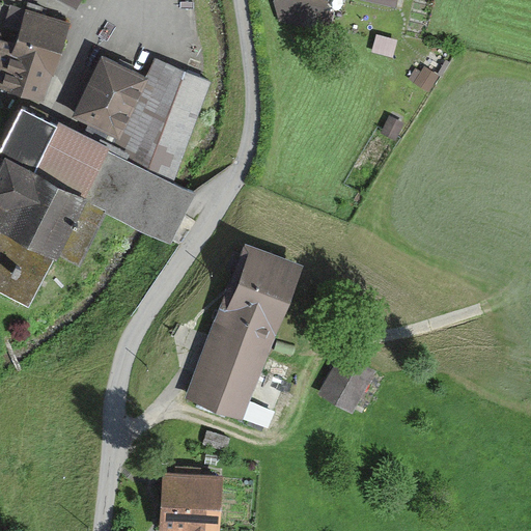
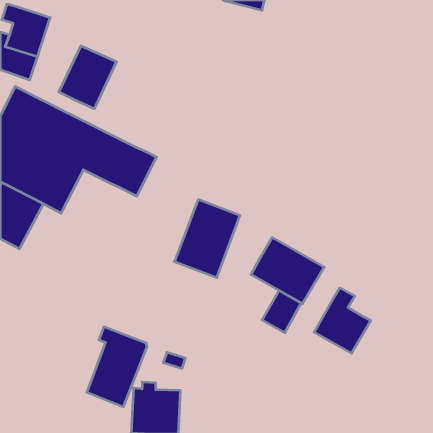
building: [84,59,207,181] -> none
building: none -> [251,238,324,304]
building: [194,320,268,418] -> [87,327,147,407]
building: none -> [314,288,371,353]

